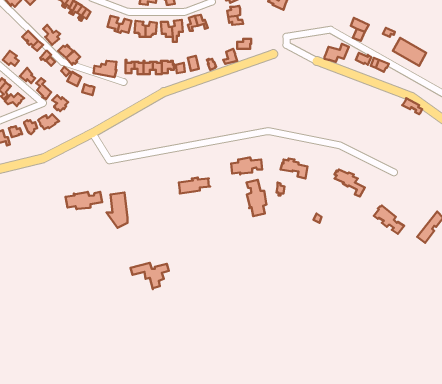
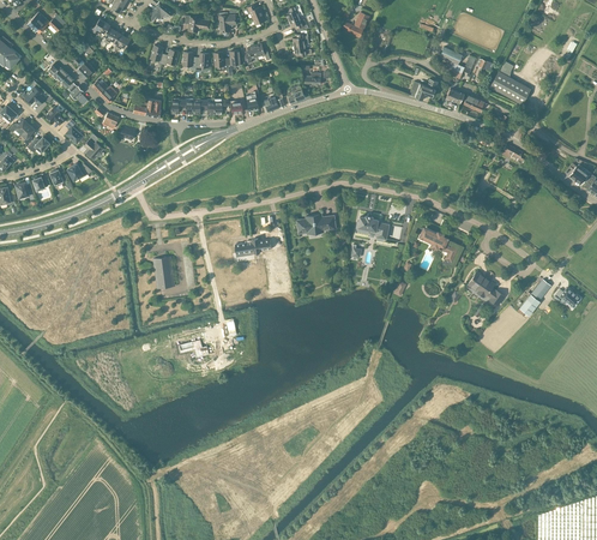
building: [246,180,266,216] -> none
building: [65,192,102,209] -> none

